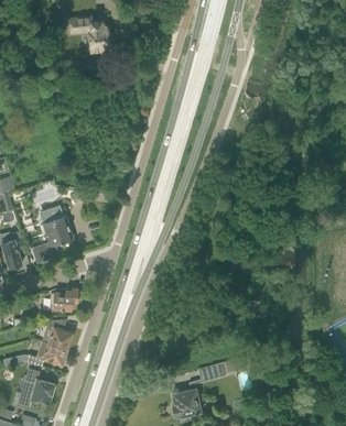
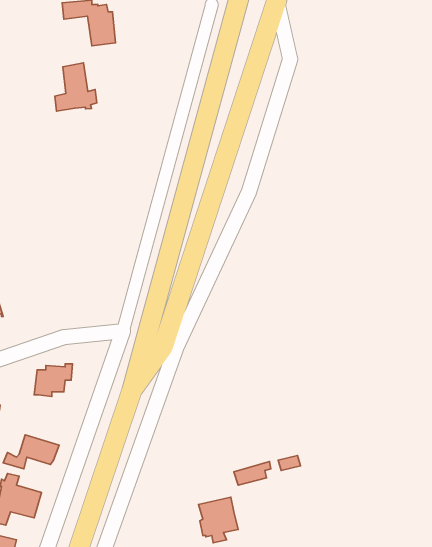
building: none -> [55,63,97,111]
building: [31,207,72,264] -> none
building: [42,319,72,349] -> none

